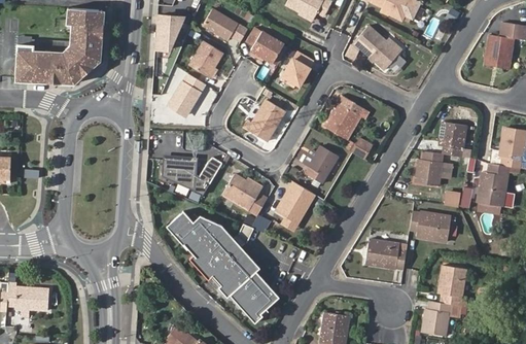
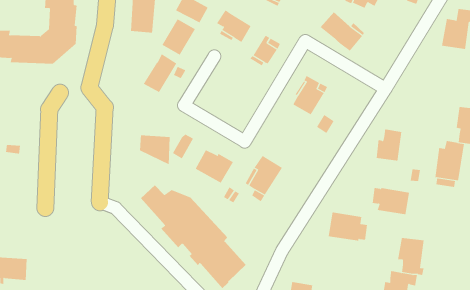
building: [245,98,287,139] -> none
building: [439,122,467,154] -> none
building: [311,143,341,181] -> none

